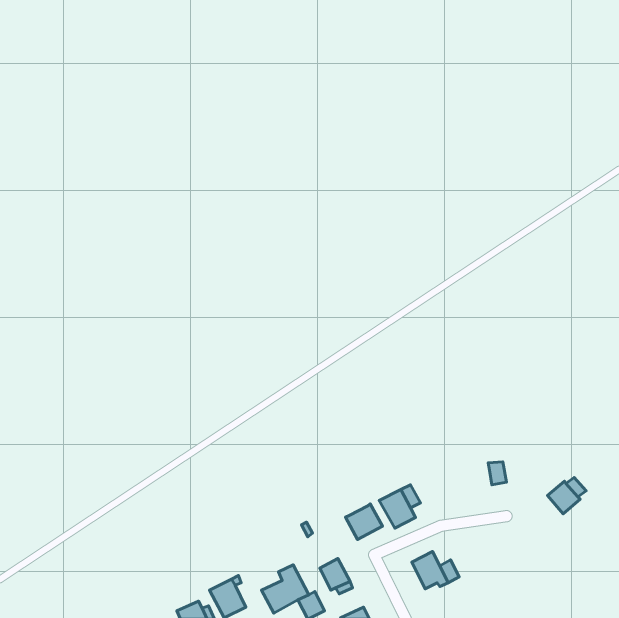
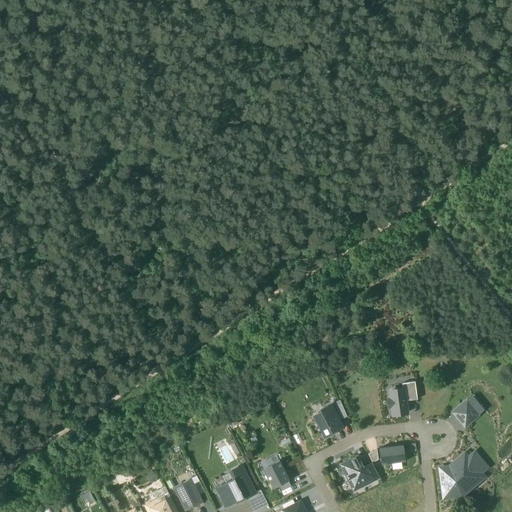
building: none -> [387,389,407,415]
building: [346,504,382,539] -> none
building: none -> [379,445,405,464]
building: none -> [442,453,486,495]

